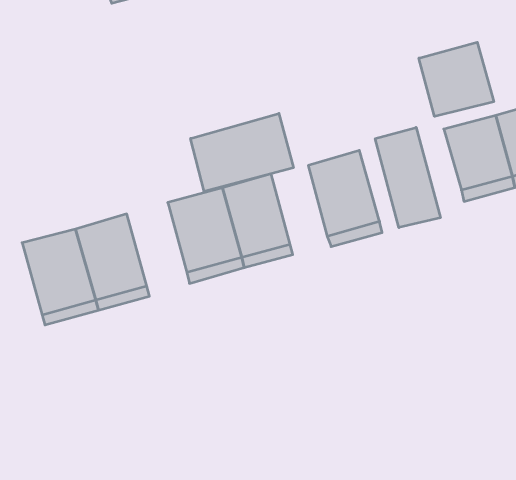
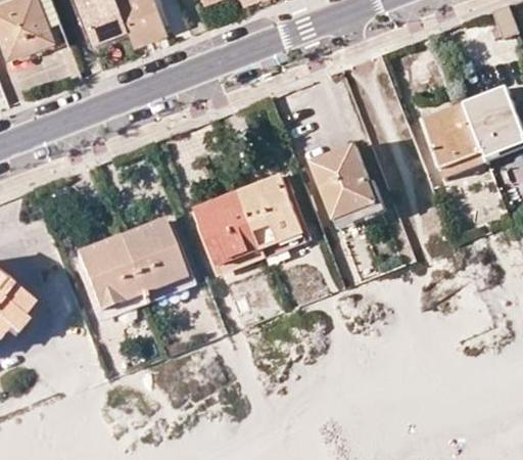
building: [419,42,494,116] -> none
building: [191,113,293,192] -> none
building: [375,127,440,228] -> none

